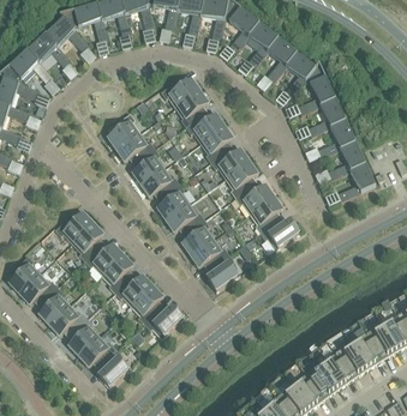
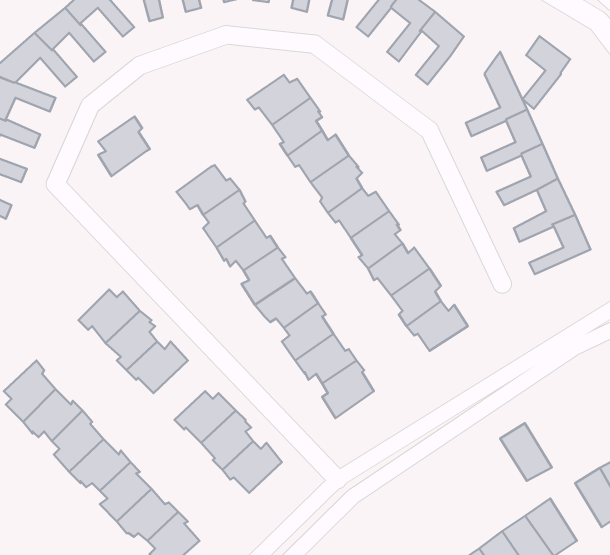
building: [285,52,315,97] -> [522,36,570,109]
building: [107,111,139,149] -> [98,117,150,176]
building: [101,254,133,291] -> none
building: [349,331,382,367] -> [500,423,552,481]

